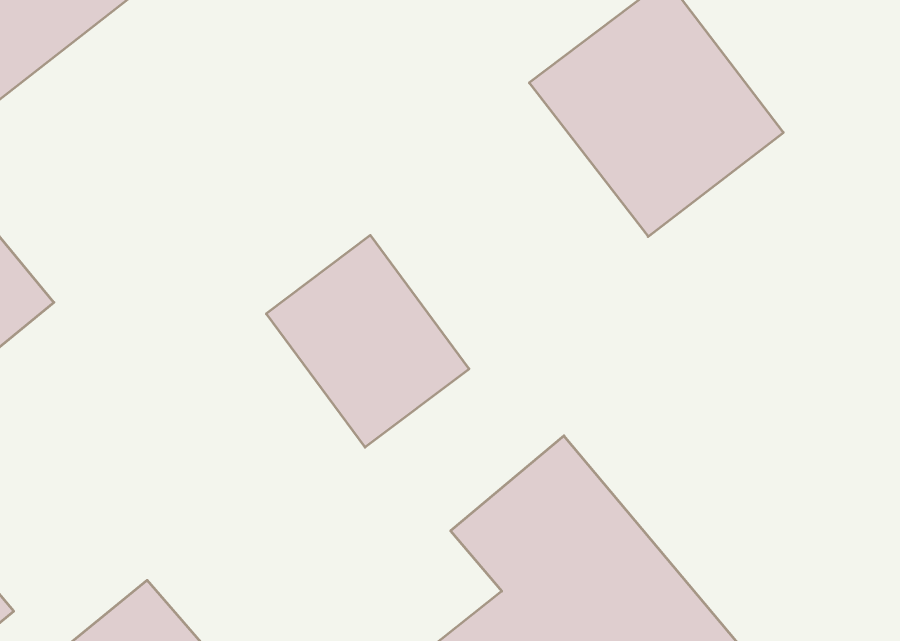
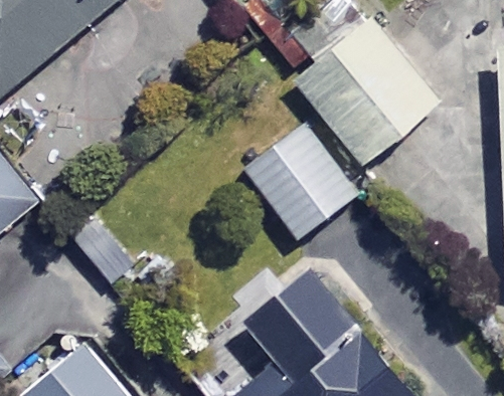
building: [266,235,469,447] -> [242,121,354,237]

